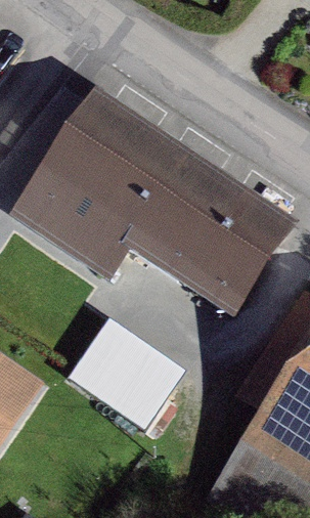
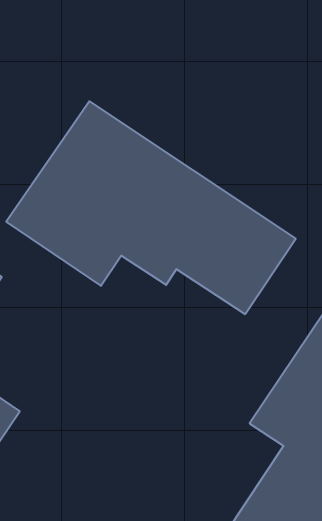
building: [69,316,185,427] -> none

